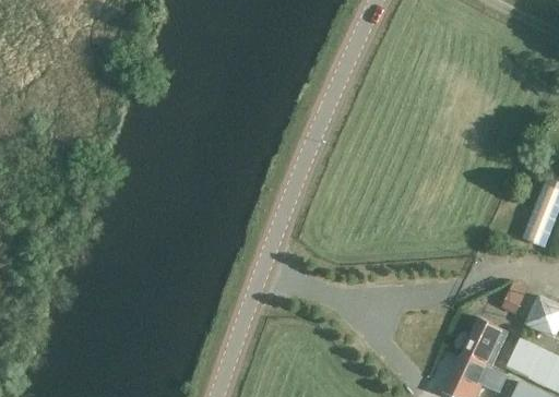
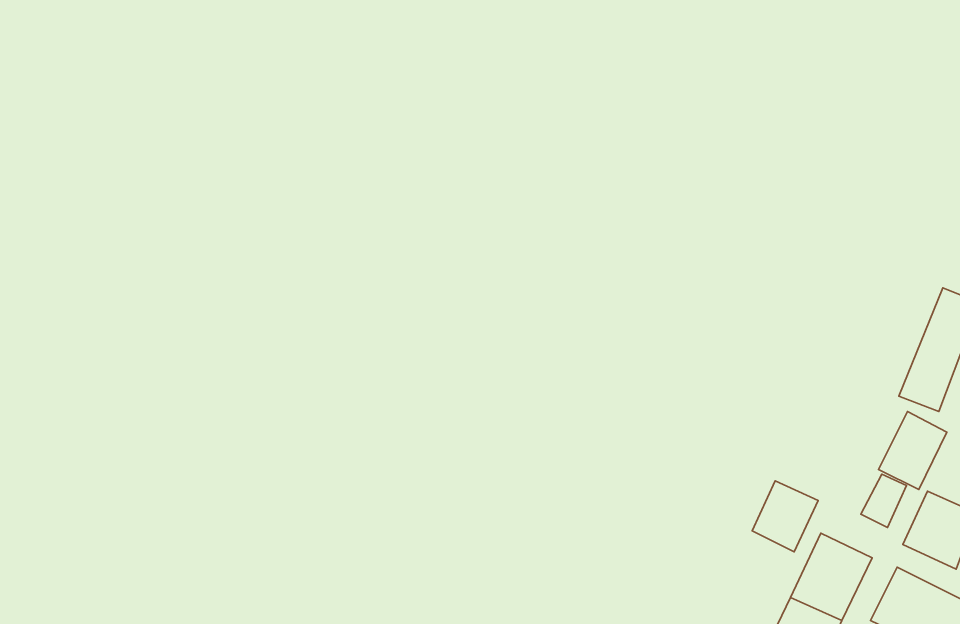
building: none -> [878,411,947,489]
building: none -> [752,481,818,552]

